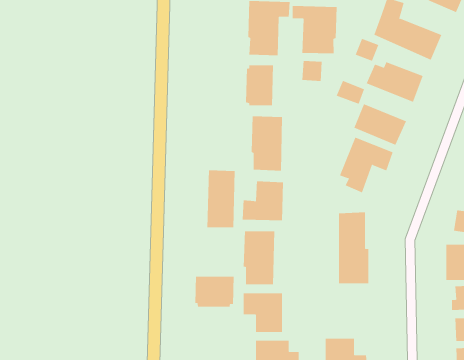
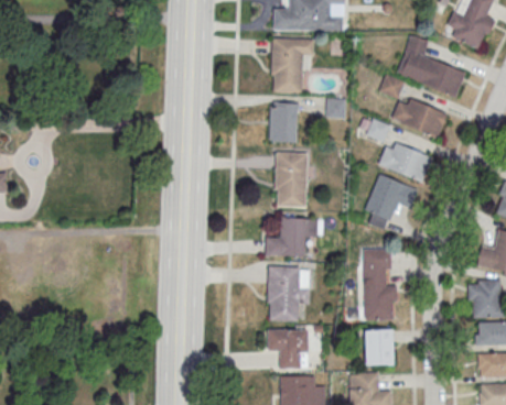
building: [292,5,337,54] -> none
building: [207,170,235,228] -> none
building: [195,276,234,308] -> none
building: none -> [364,329,394,364]

